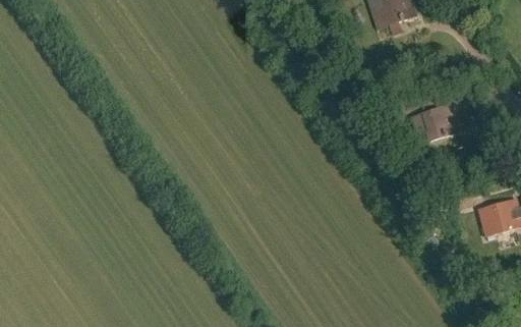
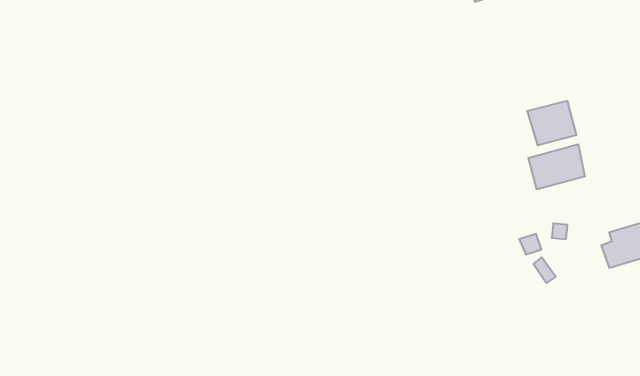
building: none -> [528,144,585,189]

